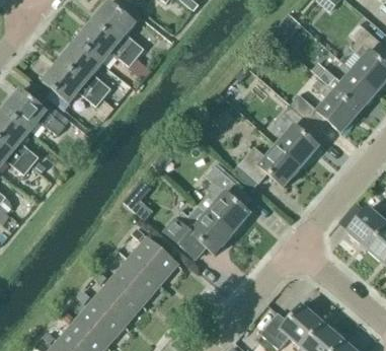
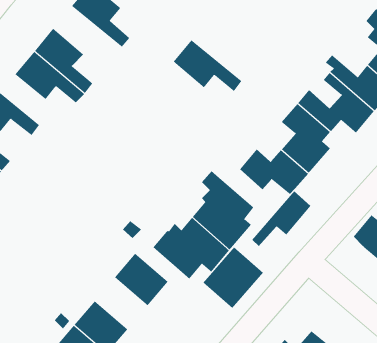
building: [75,20,136,66] -> [173,40,242,92]
building: none -> [251,191,311,247]
building: none -> [203,247,264,309]
building: [111,258,158,303] -> none

